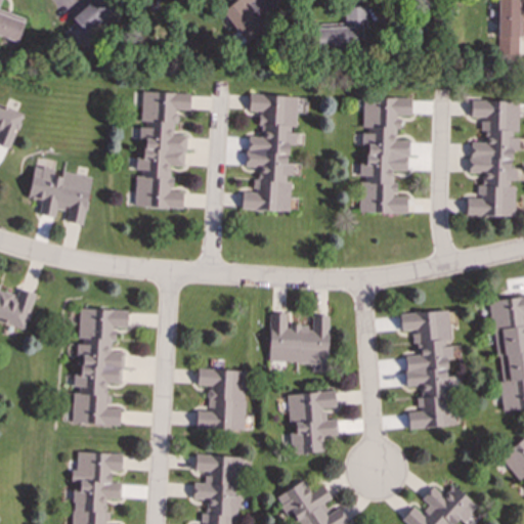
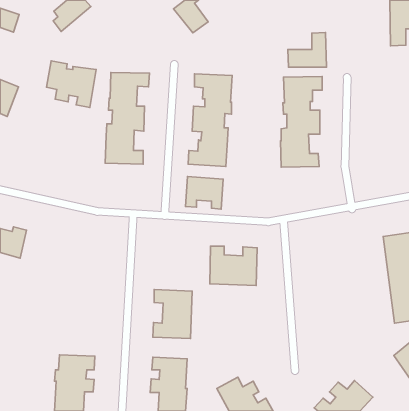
building: [316,6,365,50] -> [288,32,326,67]
building: [467,100,519,216] -> none
building: [29,165,92,224] -> [46,61,96,107]
building: none -> [185,177,223,209]
building: [73,308,129,425] -> none
building: [401,310,463,429] -> none
building: [288,391,338,453] -> none

